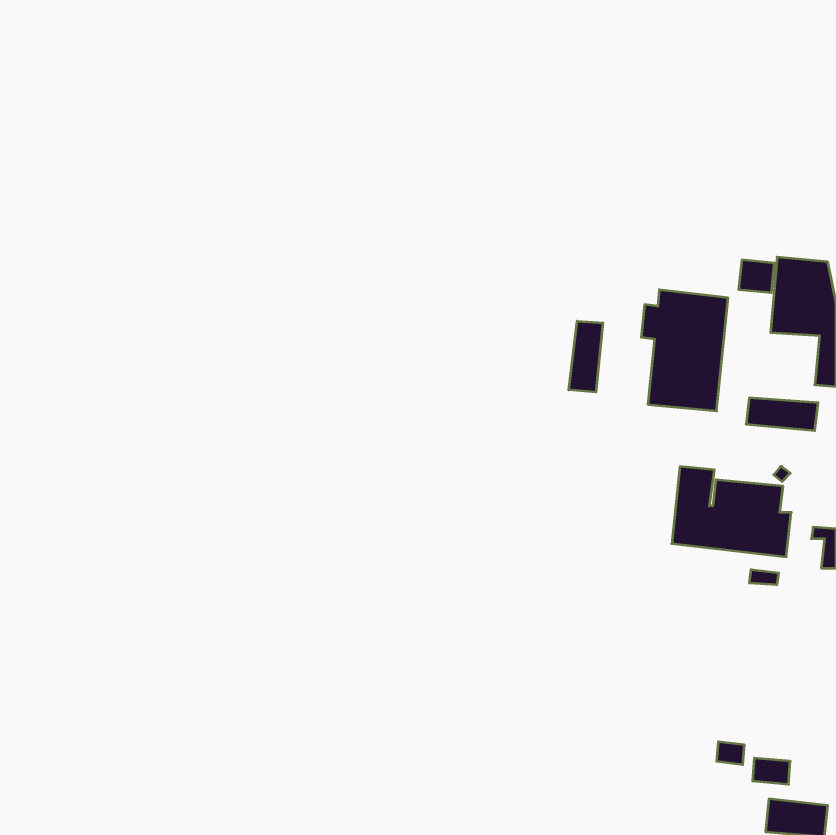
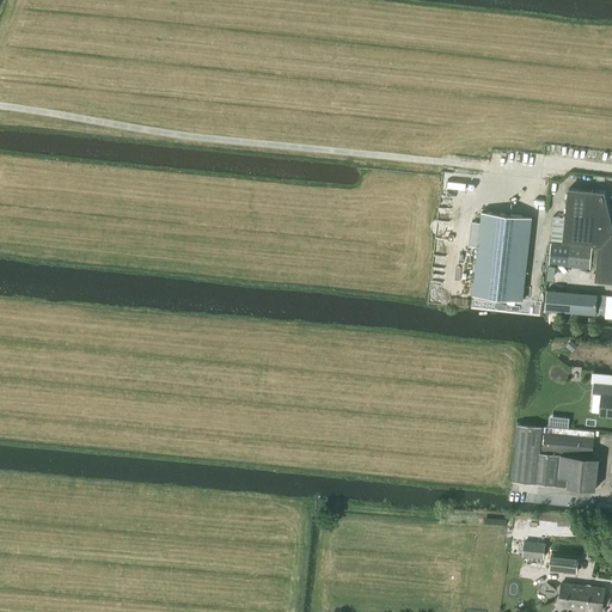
building: [739,260,775,293] -> [567,246,593,270]
building: [569,321,603,392] -> none
building: [672,467,791,557] -> [512,426,599,491]

